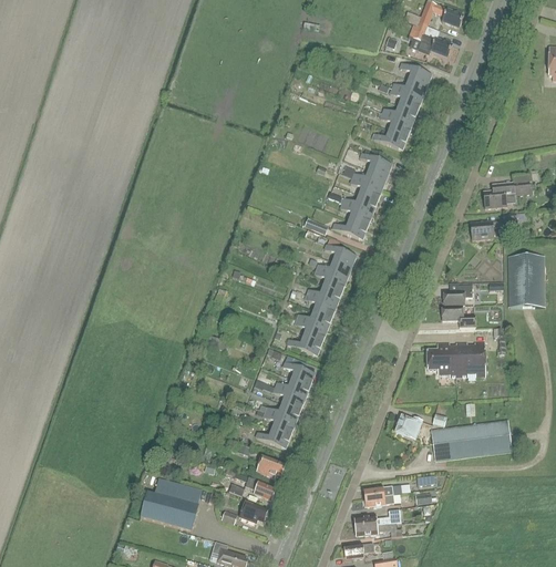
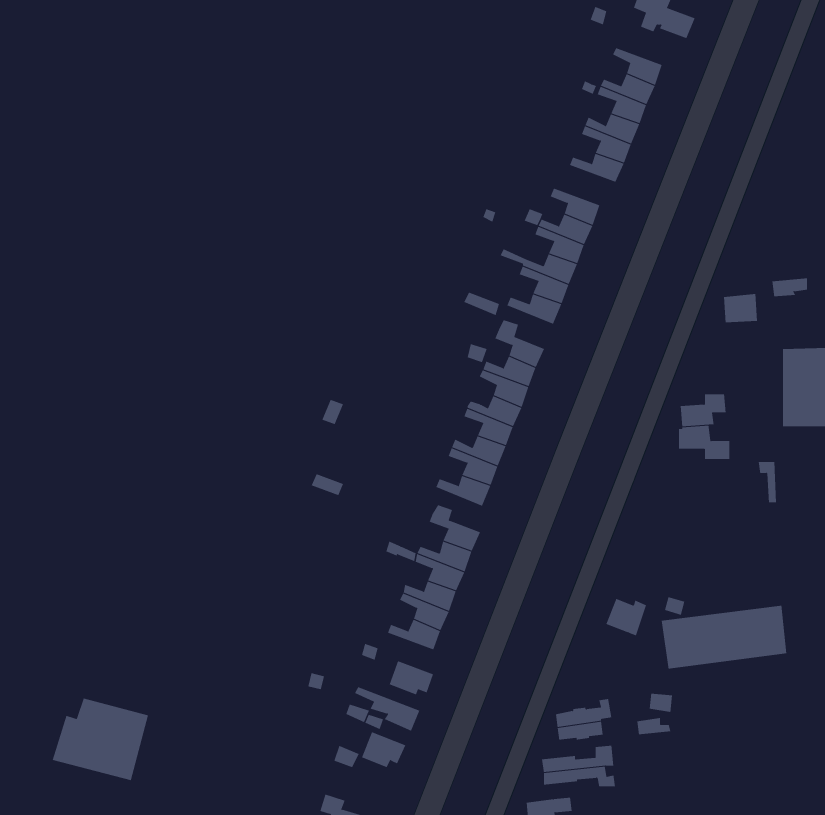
building: [482,181,529,207] -> none
building: [425,341,484,375] -> none
building: [138,478,200,532] -> [52,698,149,781]

